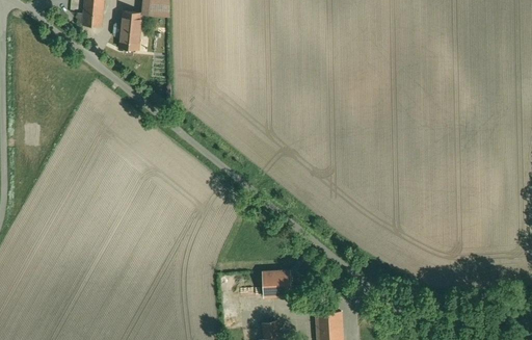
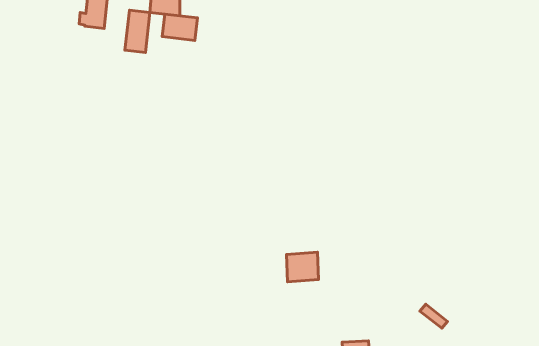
building: none -> [162,14,197,40]
building: [262,270,291,297] -> [287,252,319,282]

